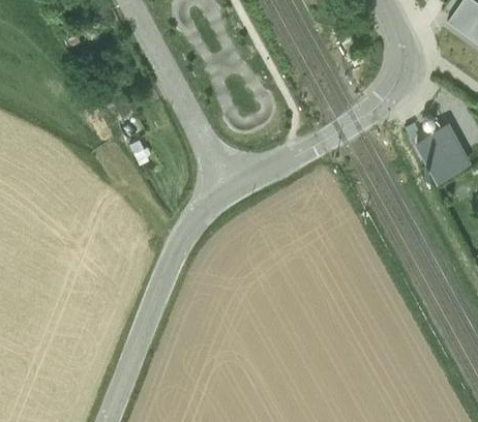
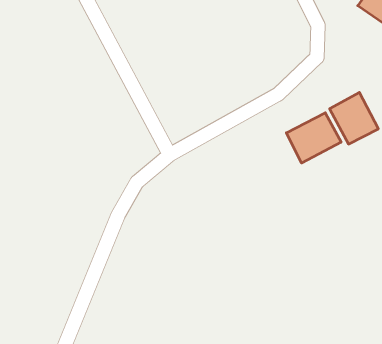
building: none -> [286,113,341,163]

